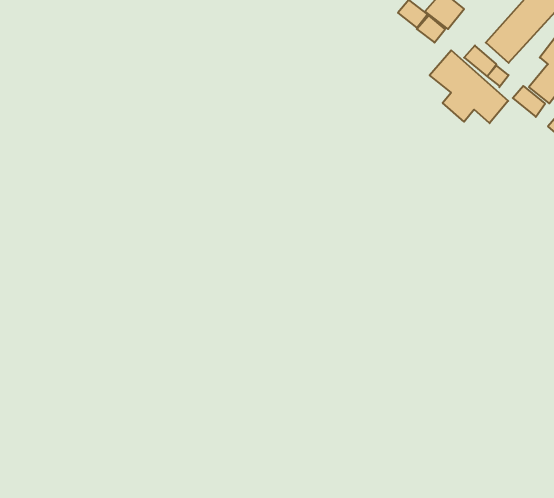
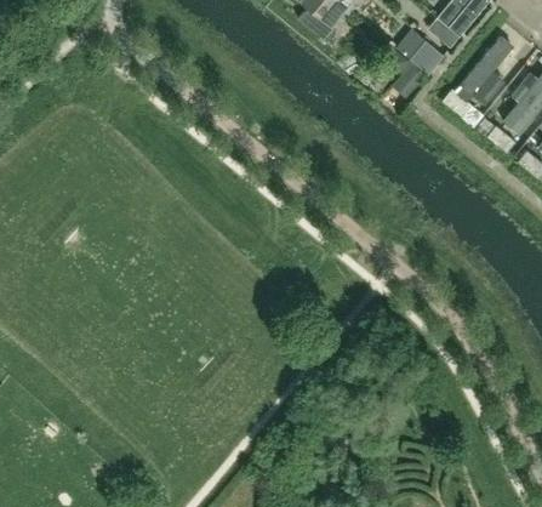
building: [430,50,508,123] -> none

